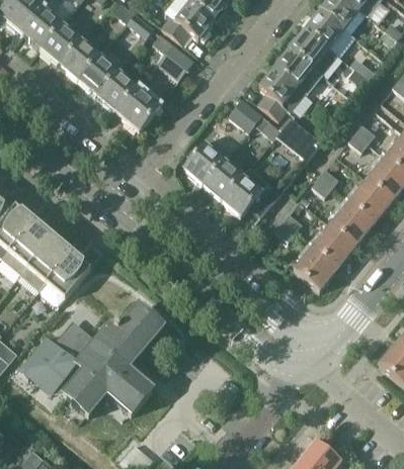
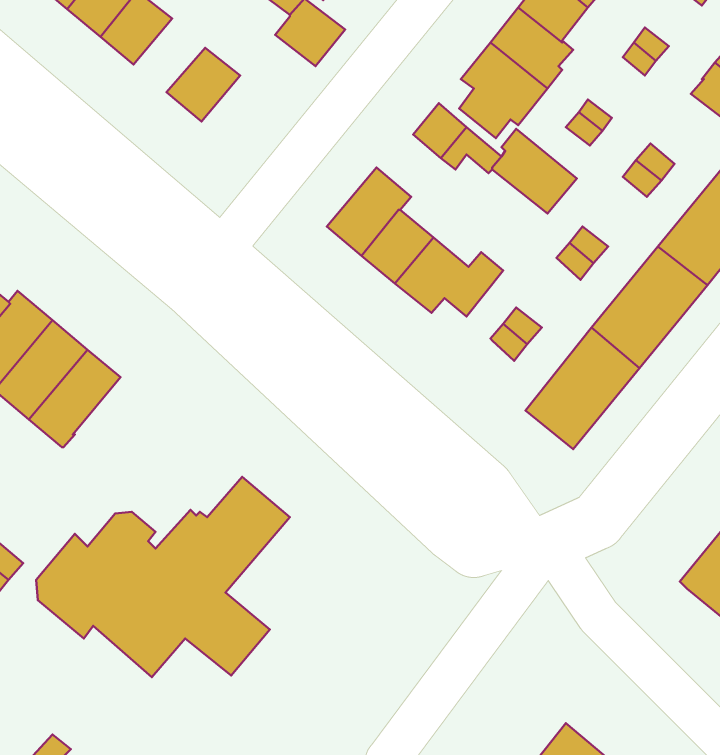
building: [77,54,116,94] -> none
building: [114,74,161,130] -> none
building: [38,251,89,304] -> none

